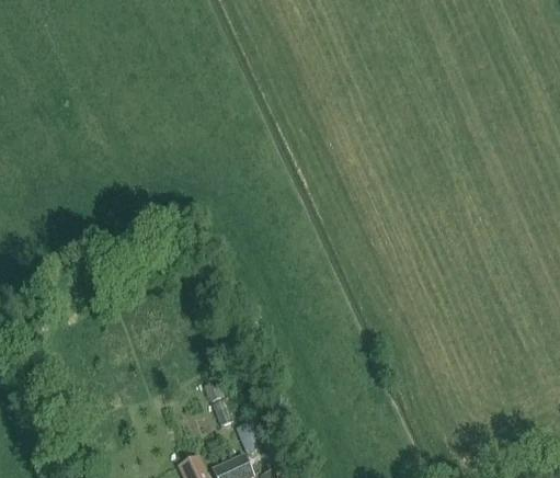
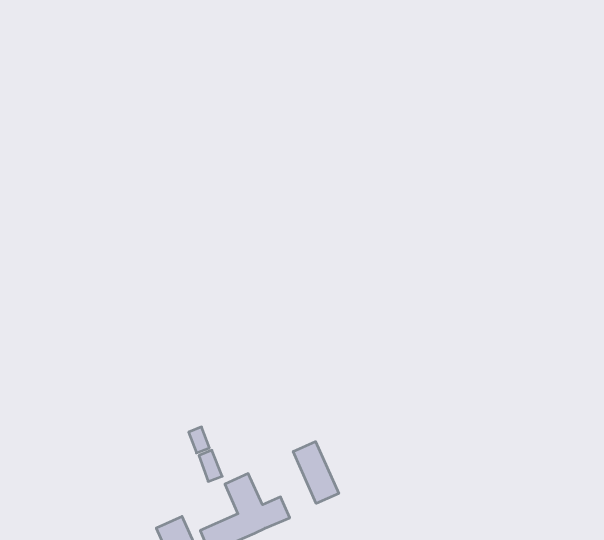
building: none -> [293,442,339,503]

